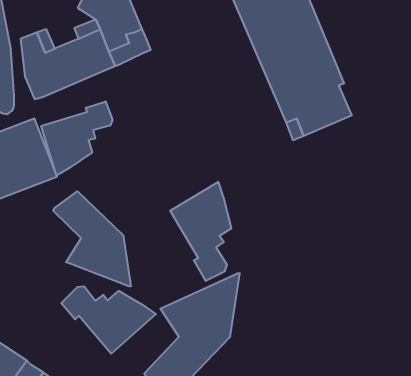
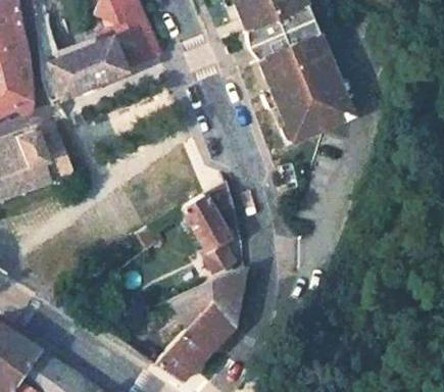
building: [41,101,113,175] -> none
building: [53,191,131,286] -> none
building: [61,286,156,354] -> none

